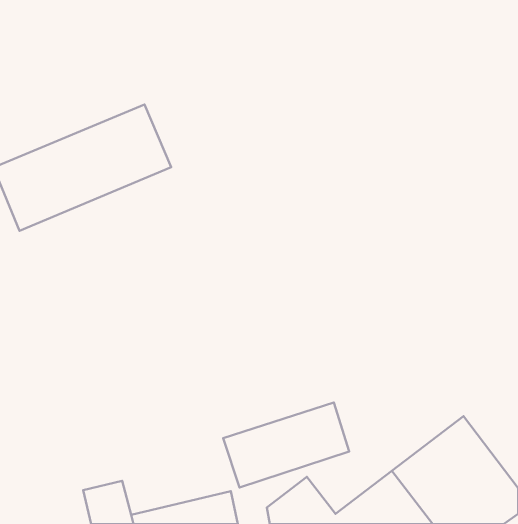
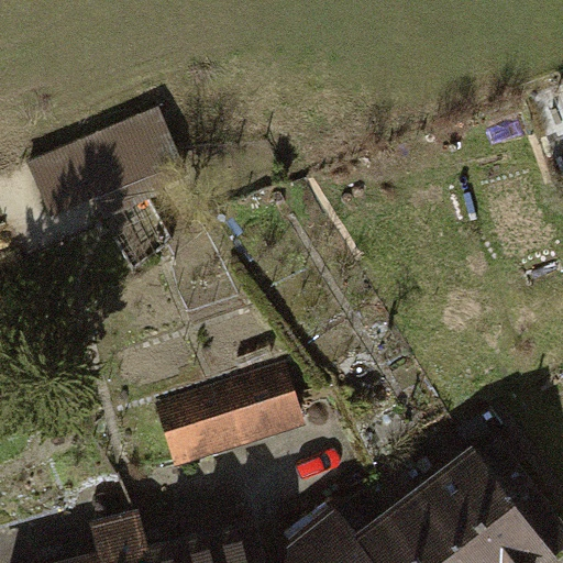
building: [223,402,349,488] -> [157,368,292,460]

